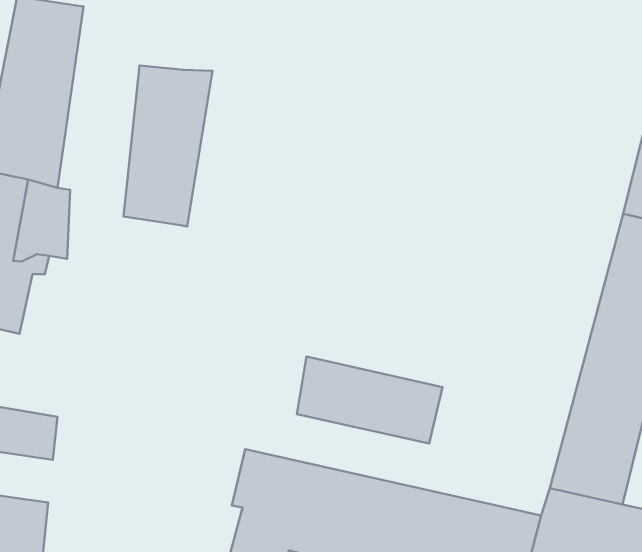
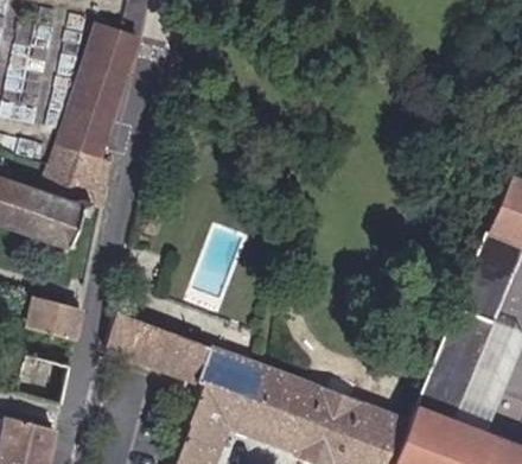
building: [124,65,213,226] -> none
building: [297,357,443,443] -> [112,318,212,388]

